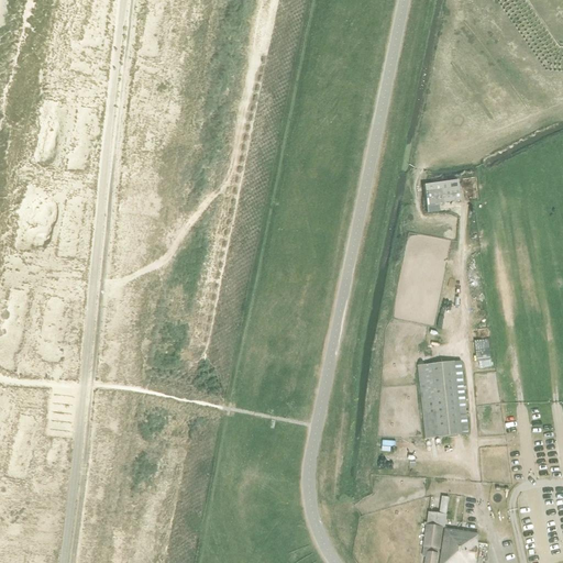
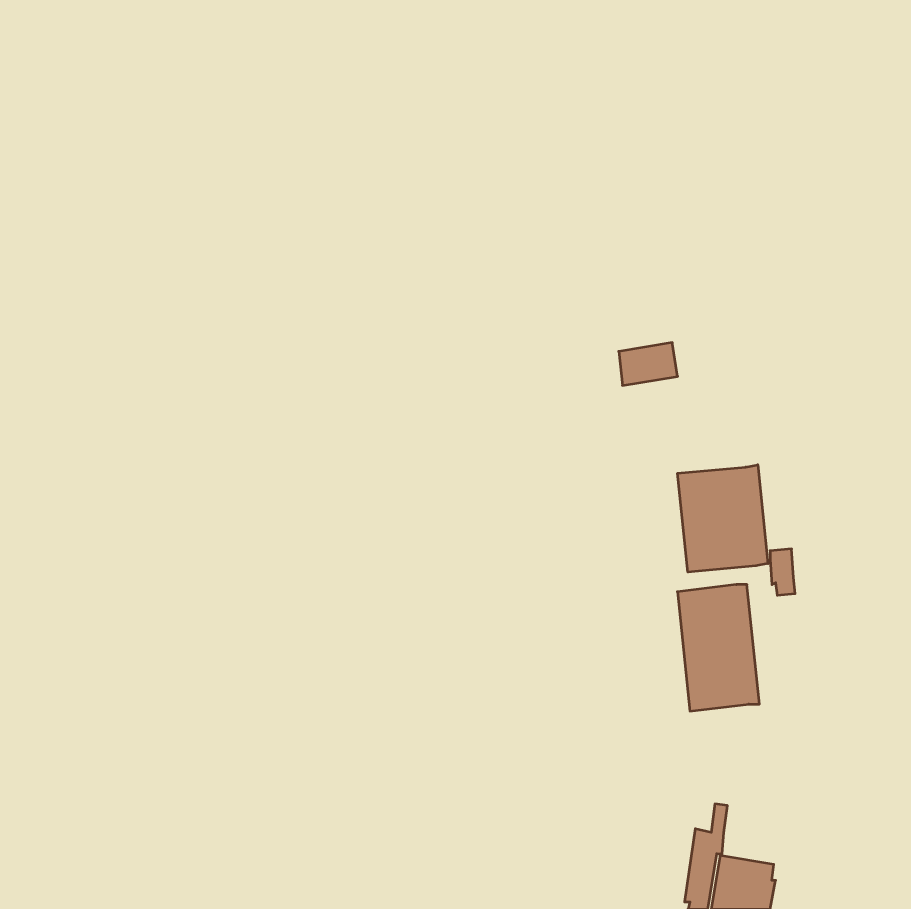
building: [423,178,460,205] -> [619,343,678,385]
building: none -> [678,465,768,572]

